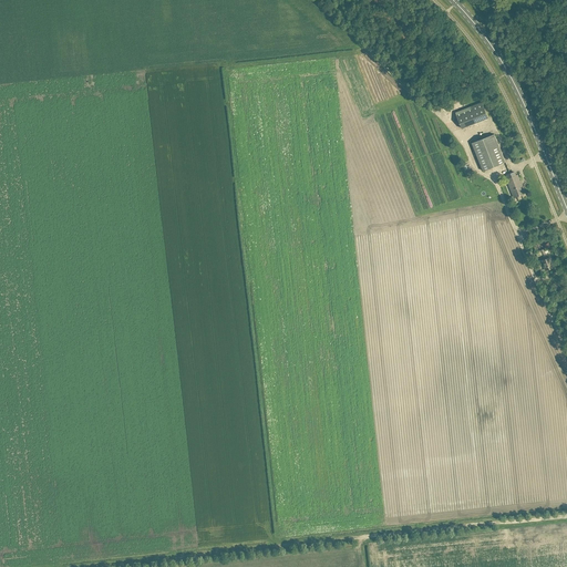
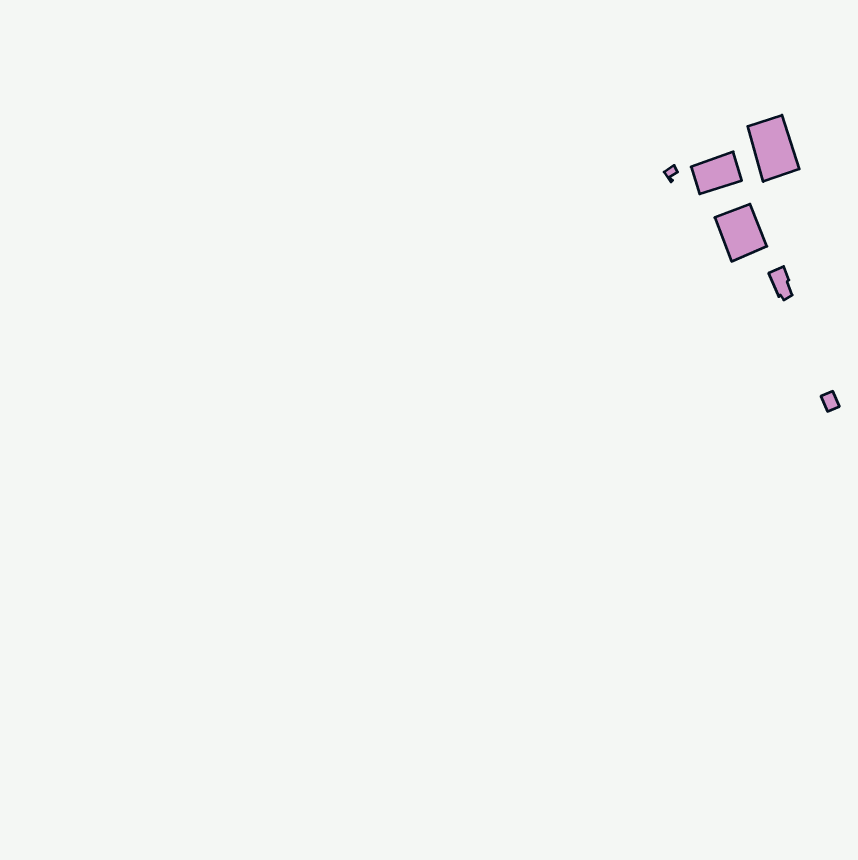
building: none -> [748,115,799,182]

